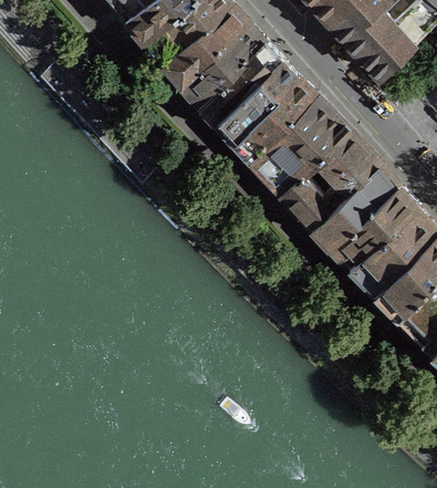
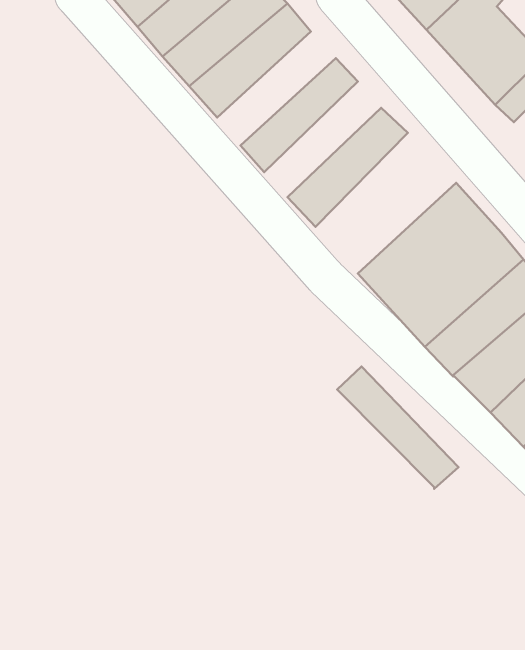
building: [183,28,267,108] -> none
building: [216,63,299,145] -> none
building: [252,100,352,199] -> none
building: none -> [337,366,459,489]

